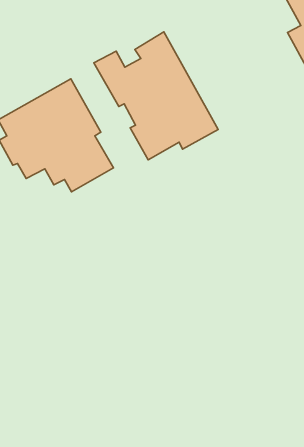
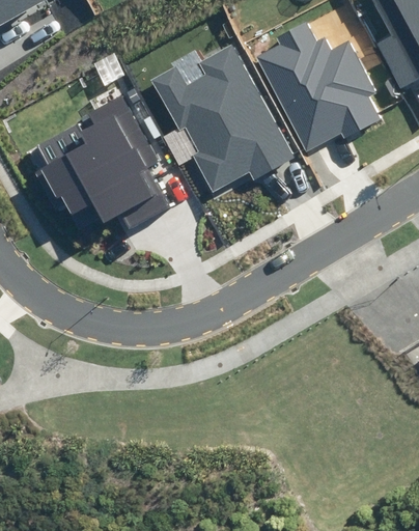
building: none -> [256,22,380,149]

